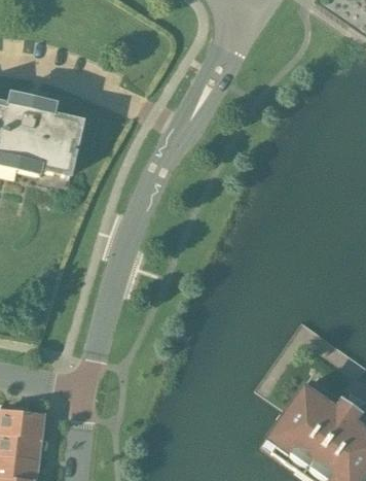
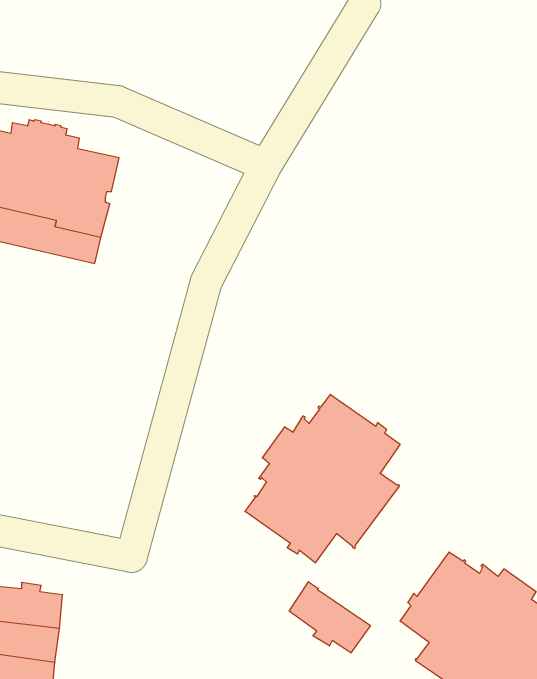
building: none -> [245,394,400,563]
building: none -> [289,582,370,653]

